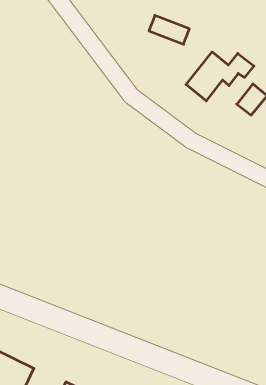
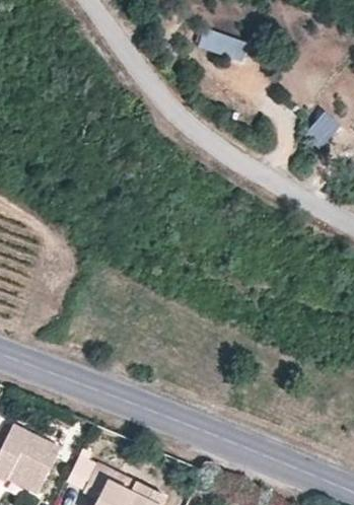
building: [186,52,254,101] -> none

